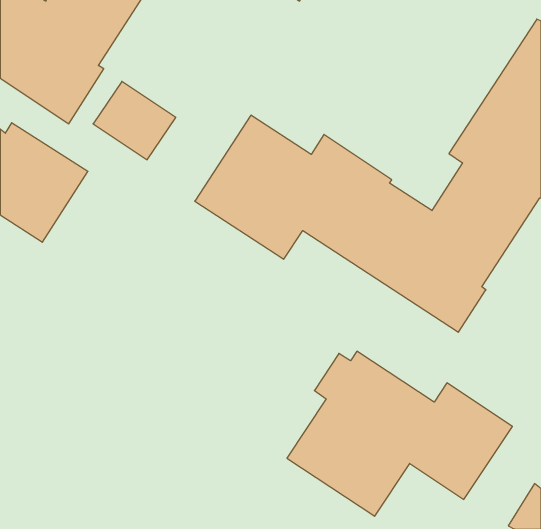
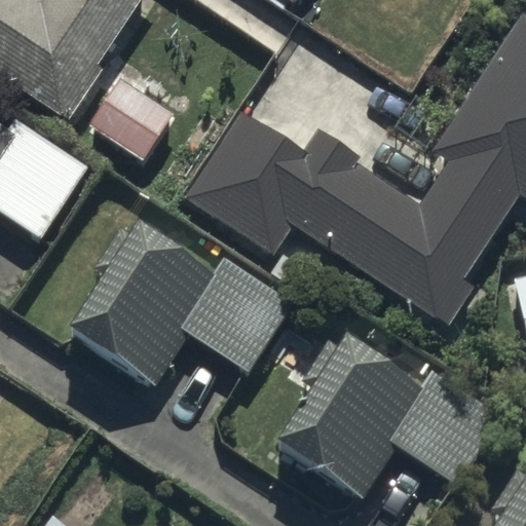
building: none -> [73,225,292,382]

